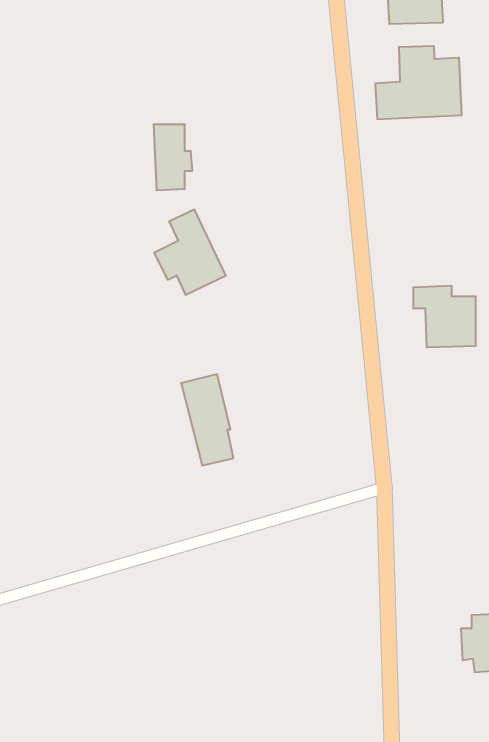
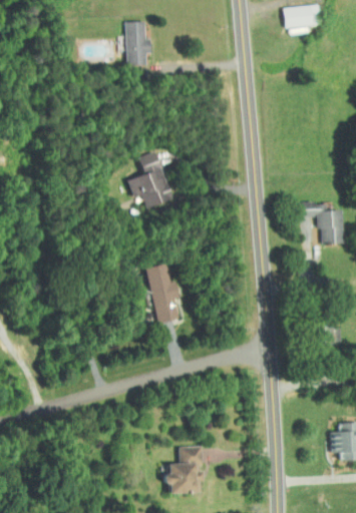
building: [376,46,461,119] -> none
building: [153,124,192,190] -> [125,21,151,65]
building: none -> [161,446,203,494]

